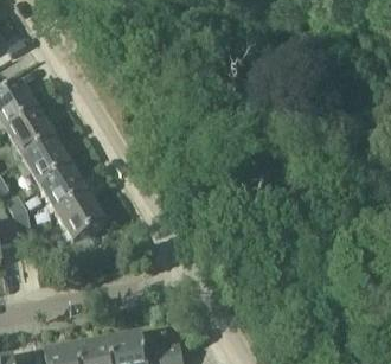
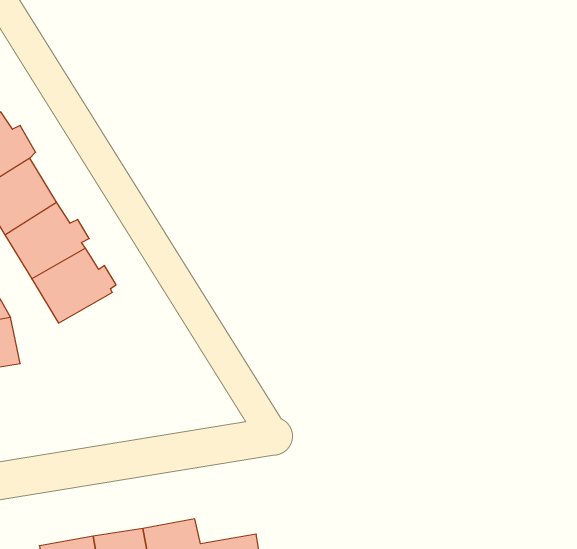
building: [56,193,105,241] -> none

